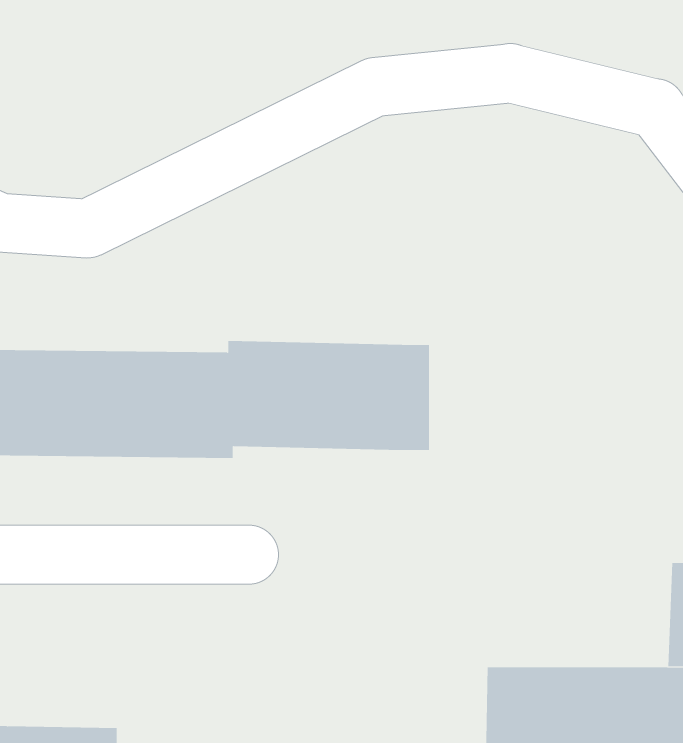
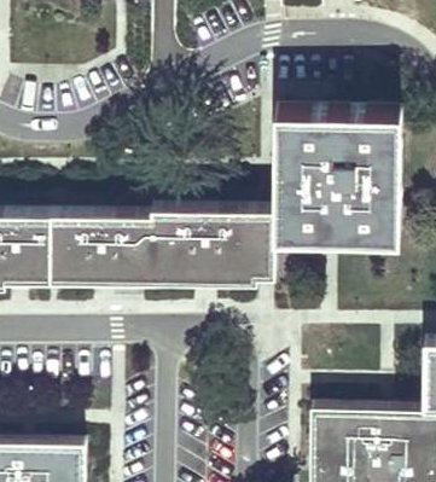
building: none -> [275,114,400,237]

